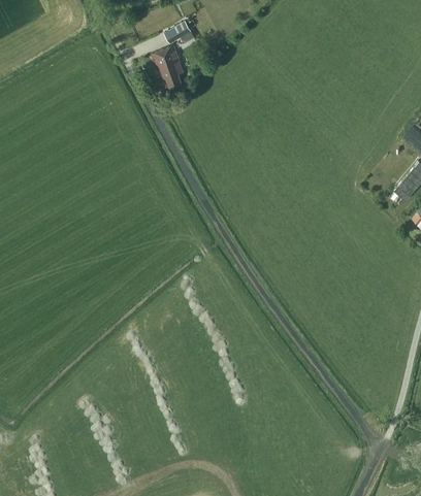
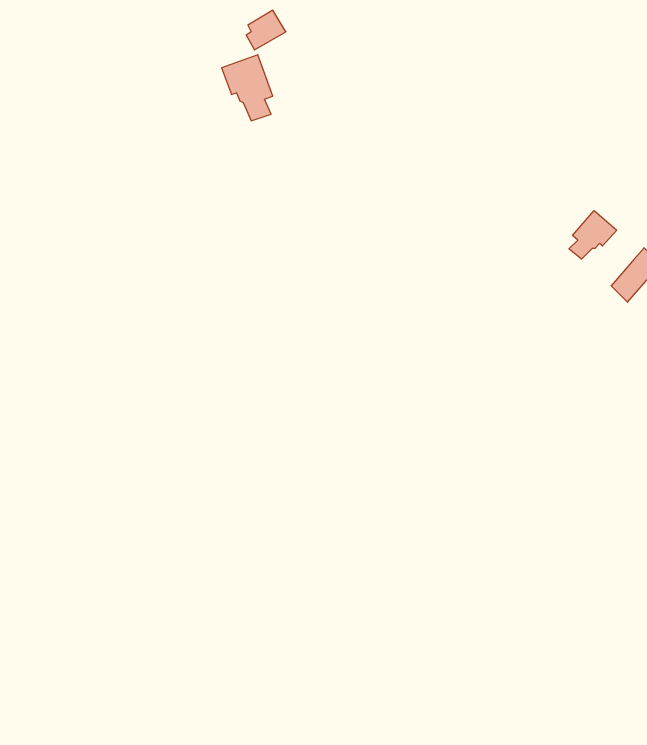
building: none -> [569,211,617,259]

